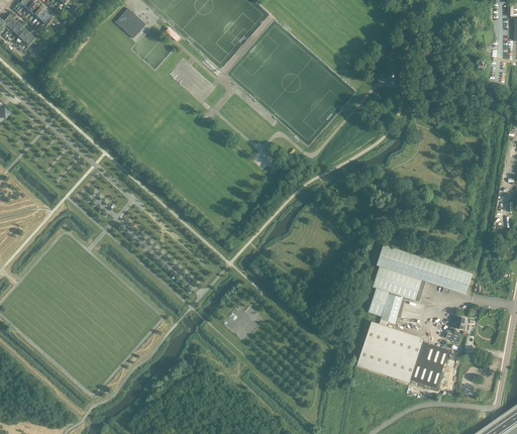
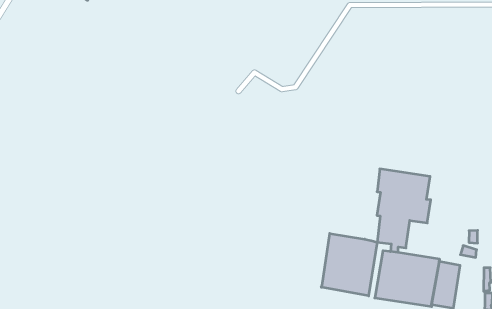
building: [421,258,472,294] -> none
building: none -> [321,233,377,296]

